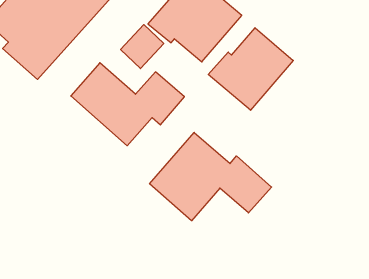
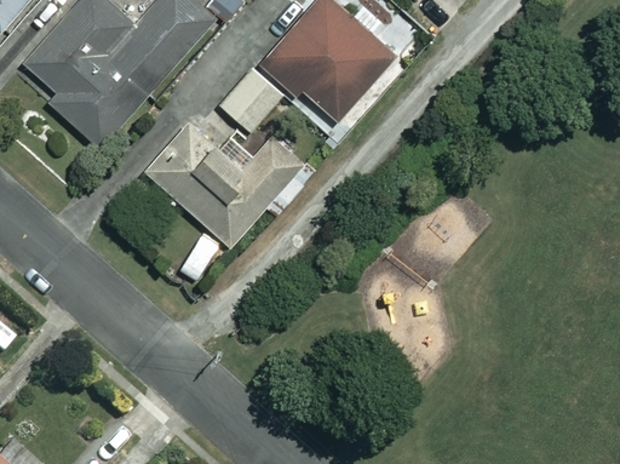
building: [208,28,293,110] -> none
building: [150,132,272,221] -> none

